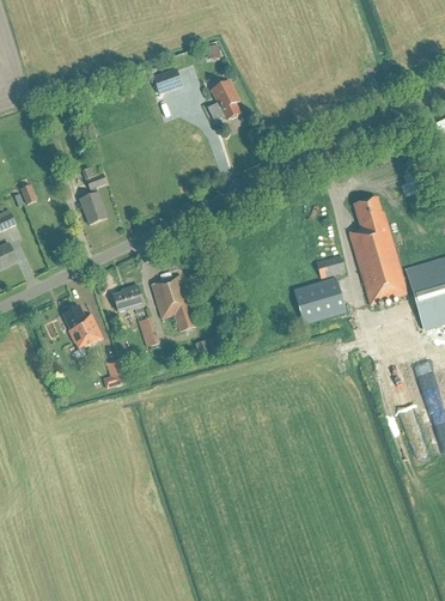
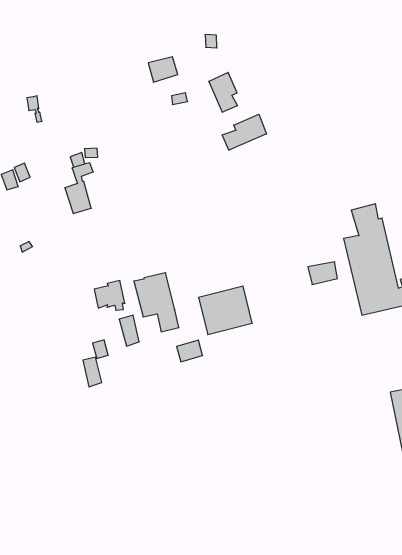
building: none -> [222,114,267,150]
building: [293,277,346,324] -> [198,286,252,335]
building: [63,305,102,348] -> none

